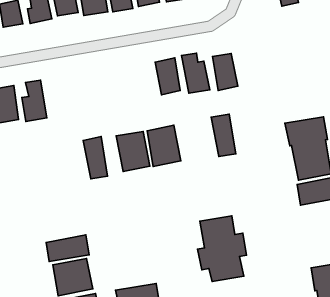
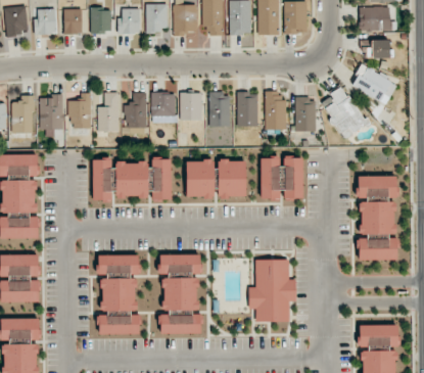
building: none -> [350,64,396,104]
building: none -> [325,85,367,139]
building: none -> [209,93,230,127]
building: none -> [180,92,202,120]
building: none -> [151,93,176,123]
building: none -> [125,93,147,127]
building: none -> [262,157,280,199]
building: none -> [116,161,148,197]
building: none -> [93,159,111,200]
building: none -> [159,254,201,274]
building: none -> [162,278,198,310]

